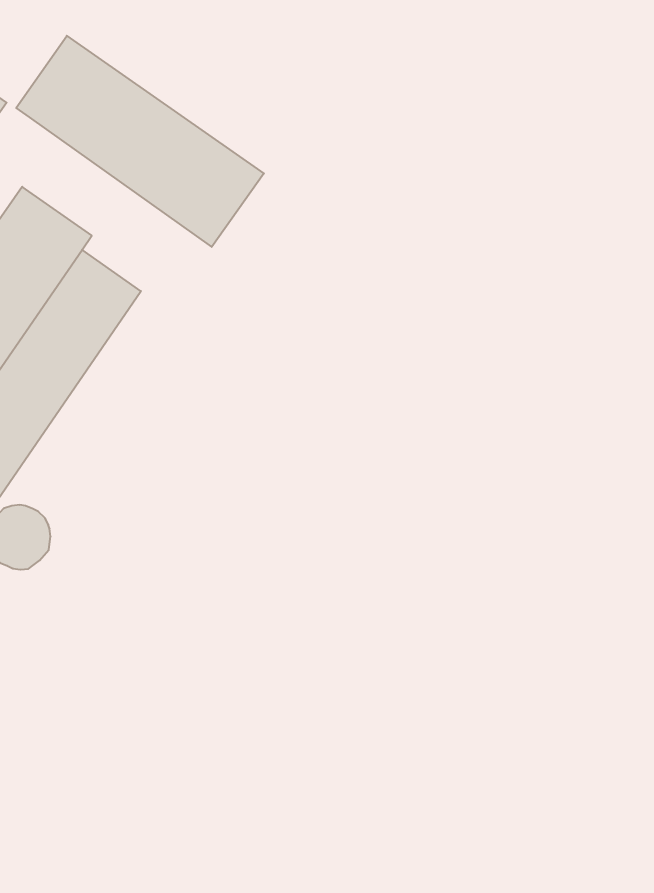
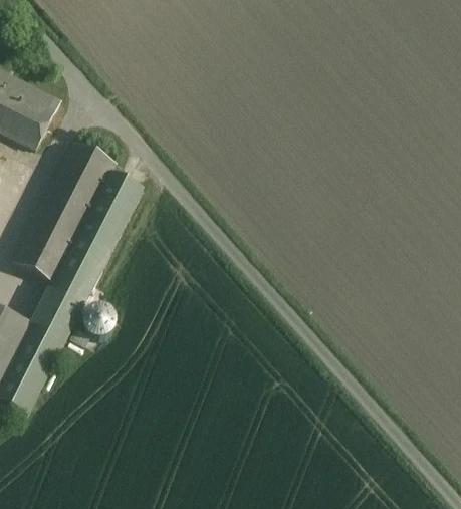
building: [16,36,264,247] -> none

